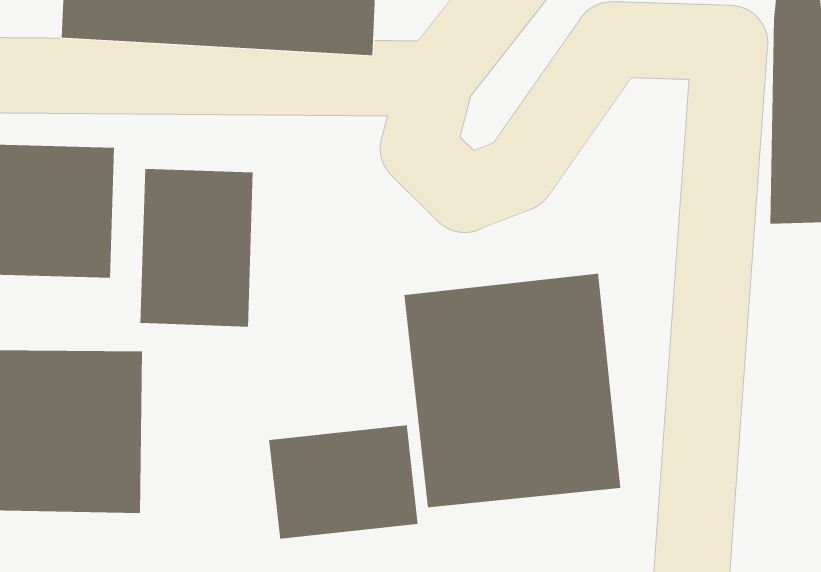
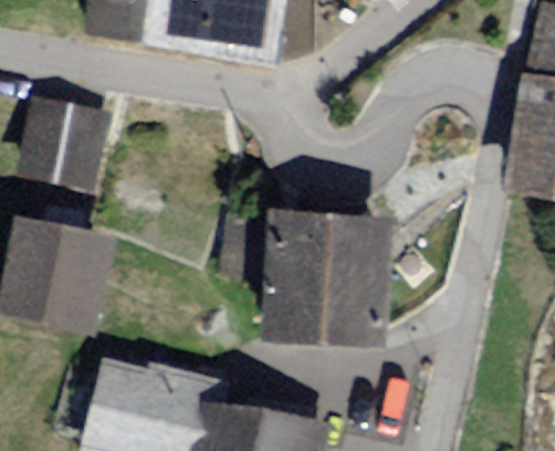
building: [140,168,253,327] -> none
building: [269,424,418,539] -> none

